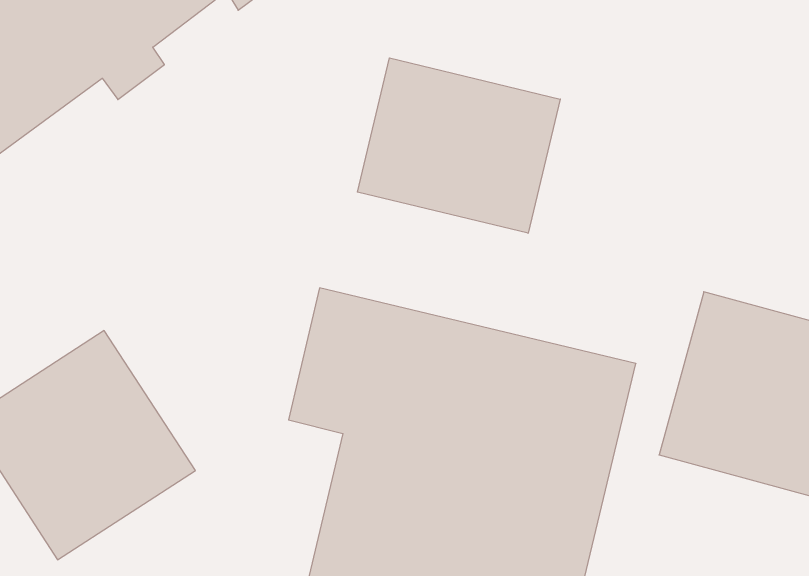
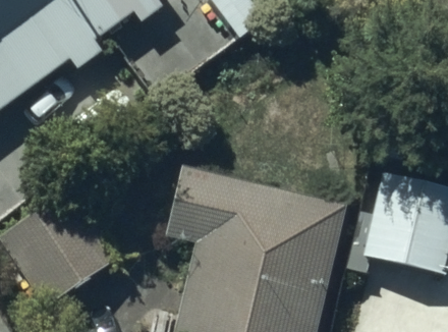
building: [357,58,560,233] -> none

